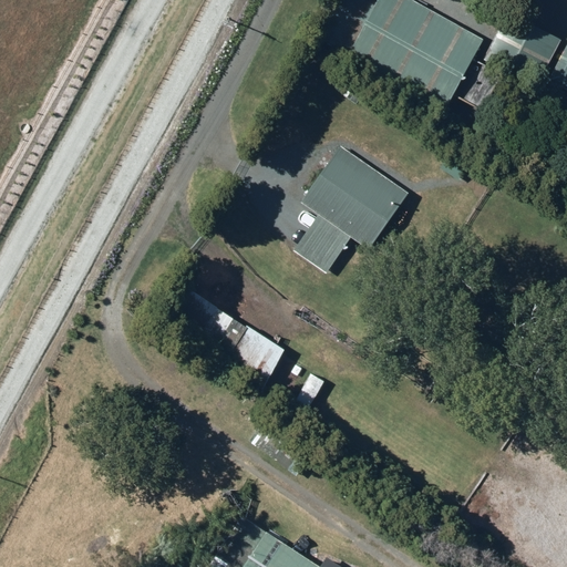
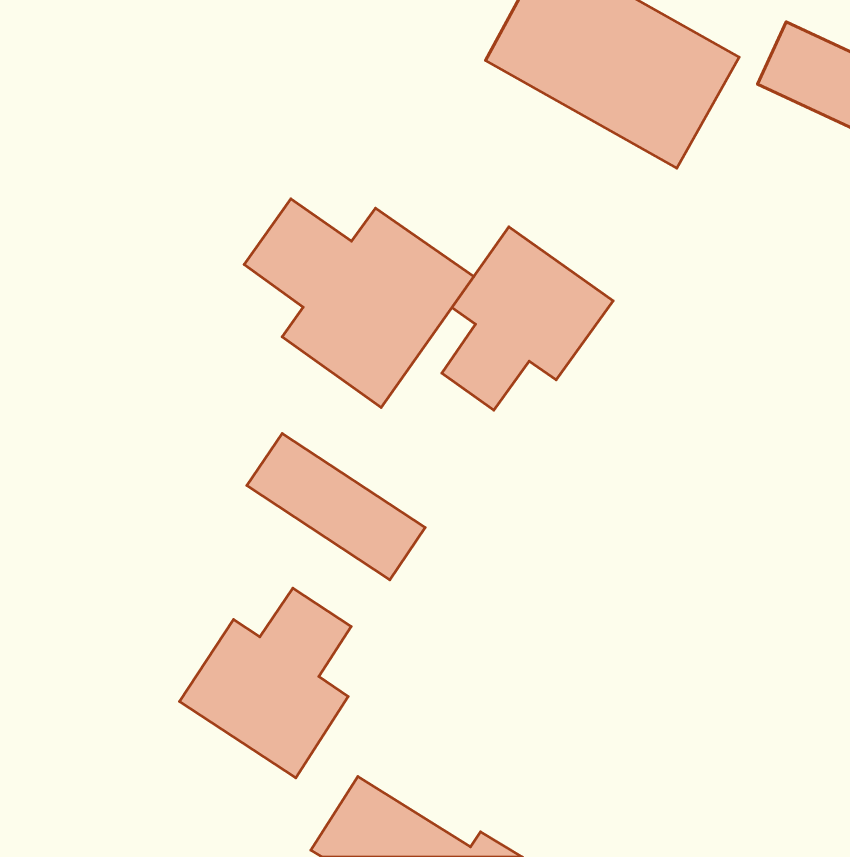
building: none -> [244,199,474,407]
building: none -> [180,588,351,778]

